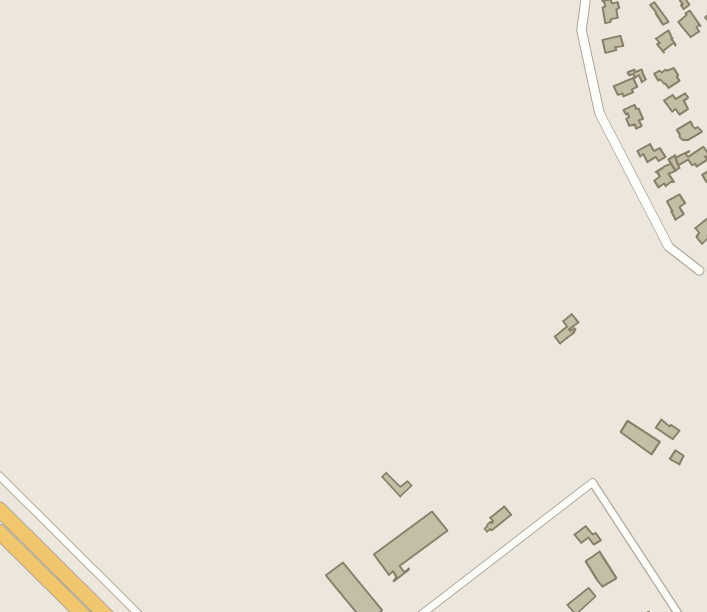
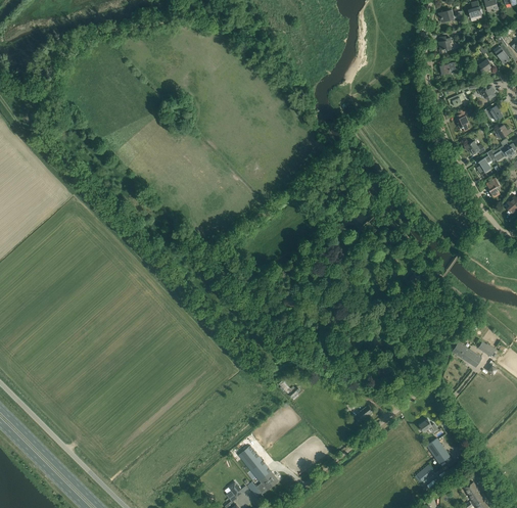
building: [374,512,447,581] -> none

